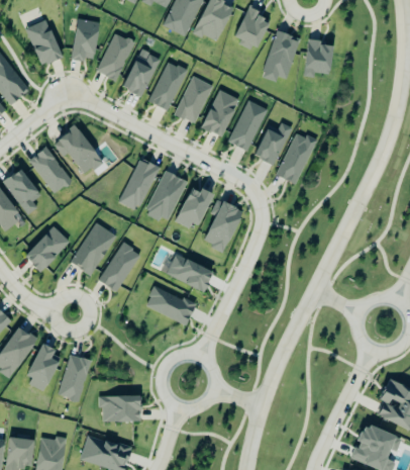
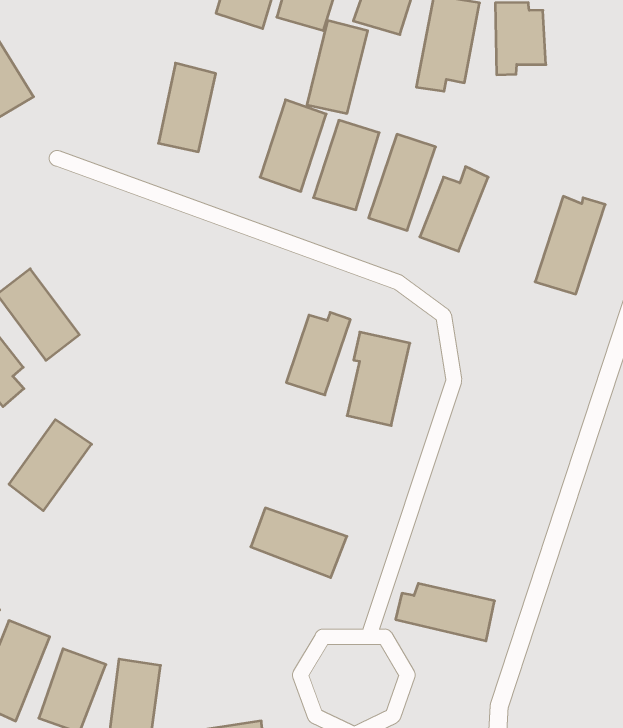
building: [70,17,99,62] -> none
building: [97,31,134,80] -> none
building: [149,61,186,110] -> [307,20,368,113]
building: [53,125,102,175] -> none
building: [276,132,317,184] -> [535,196,605,294]
building: [119,158,159,211] -> none
building: [146,171,186,222] -> none
building: [71,222,117,275] -> none
building: [98,242,141,292] -> none
building: [161,256,213,290] -> [396,583,495,641]

